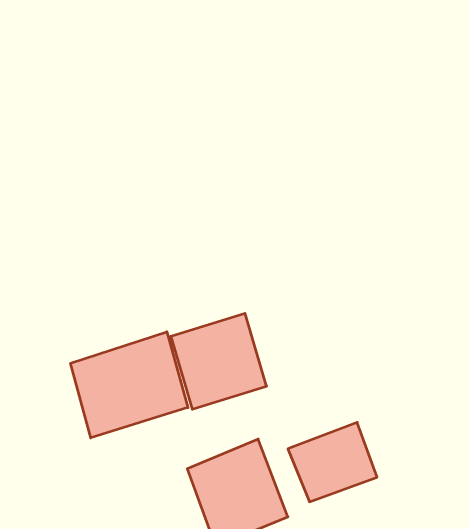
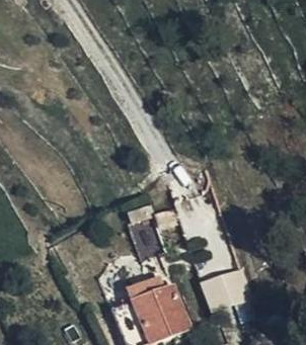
building: [71,332,188,438] -> none

